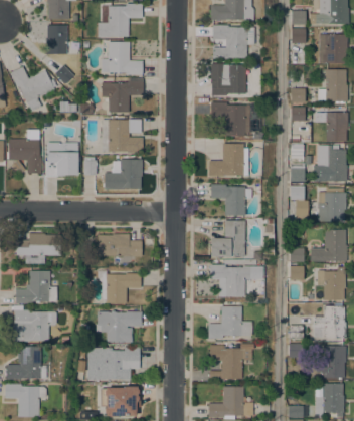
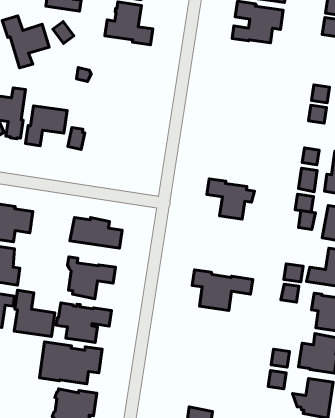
building: [211,63,244,95] -> none
building: [102,80,144,112] -> none
building: [211,102,249,137] -> none
building: [103,119,143,153] -> none
building: [209,143,248,176] -> none
building: [105,159,143,189] -> none
building: [211,220,245,256] -> none
building: [208,305,252,339] -> none
building: none -> [14,290,55,337]
building: [209,343,254,379] -> none

